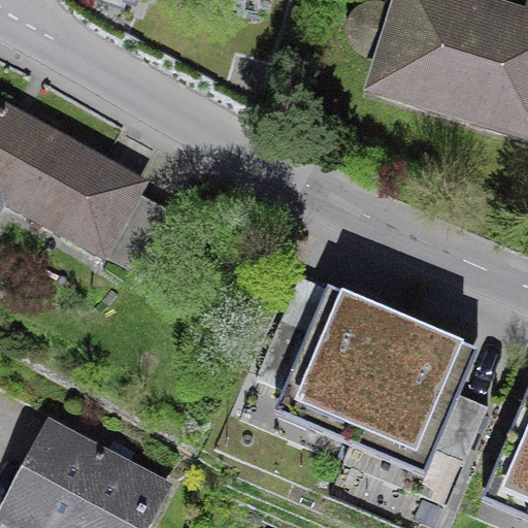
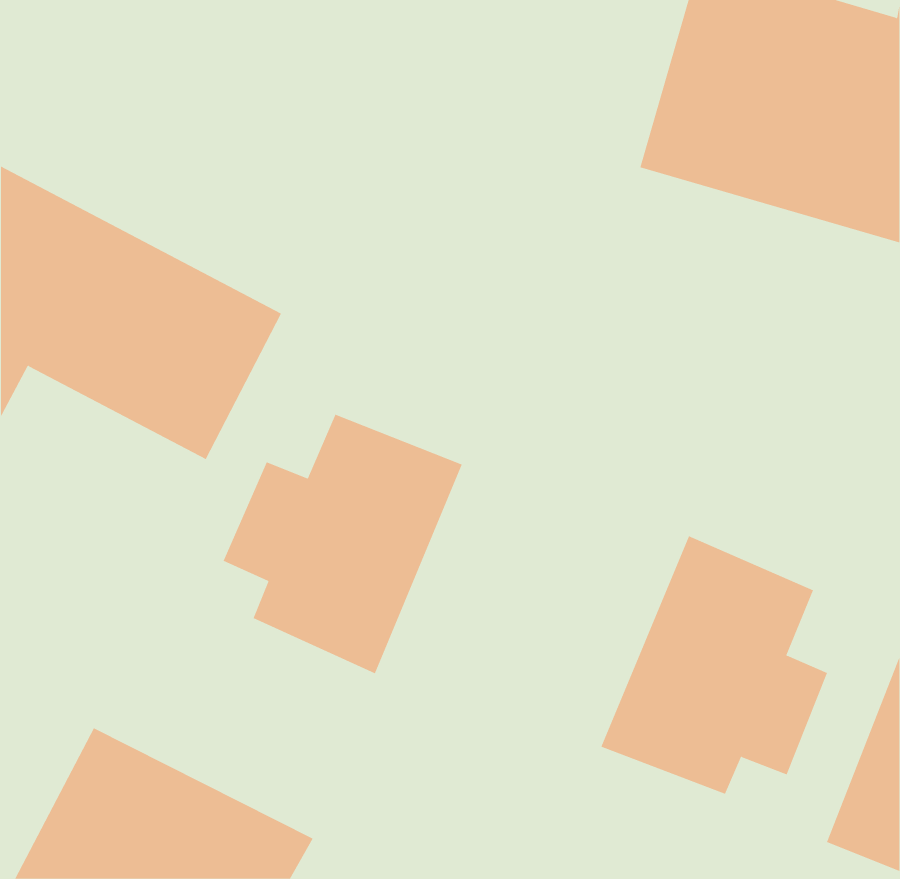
building: none -> [223,414,463,674]
building: [257,282,403,437] -> none

